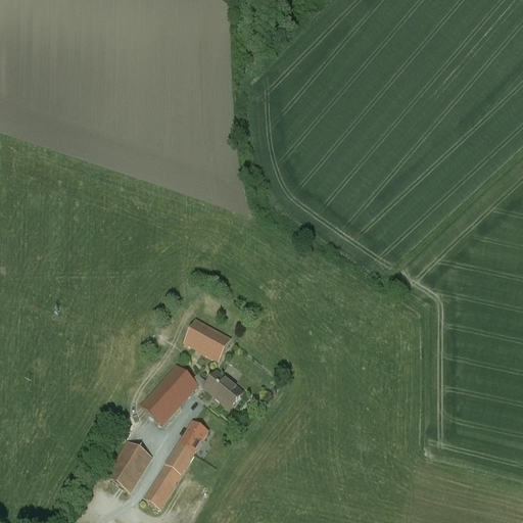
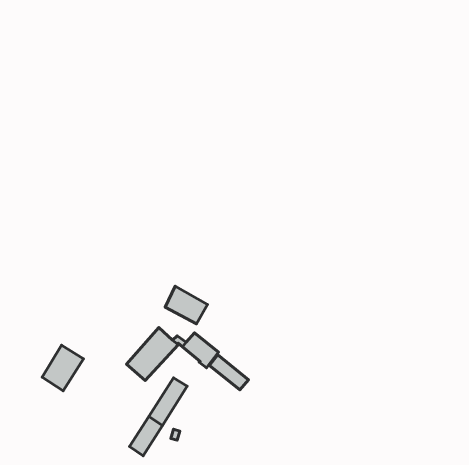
building: none -> [209,355,248,390]
building: [106,440,152,491] -> [42,345,83,391]

